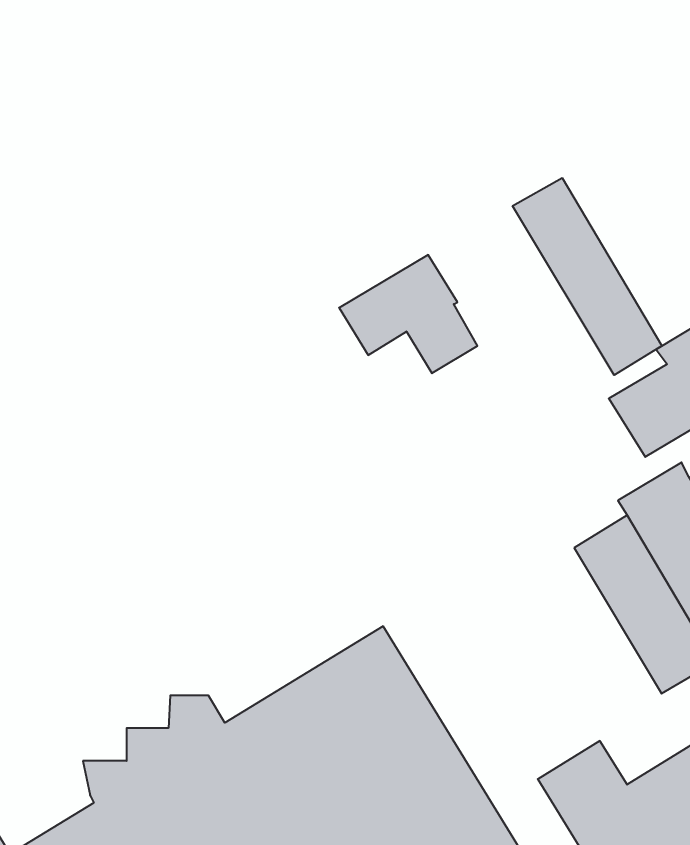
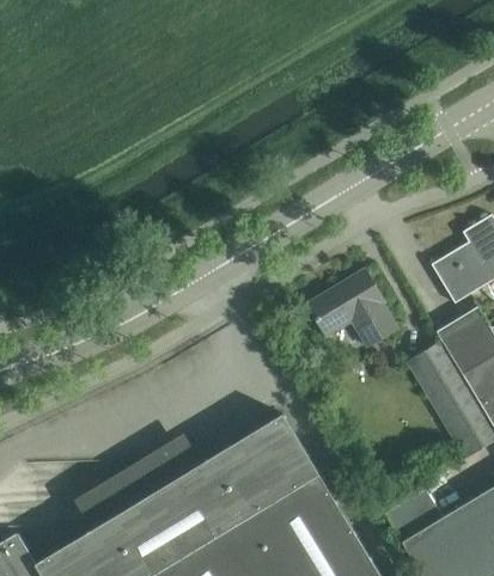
building: [513,178,662,375] -> none
building: [339,255,477,373] -> [306,269,397,347]

